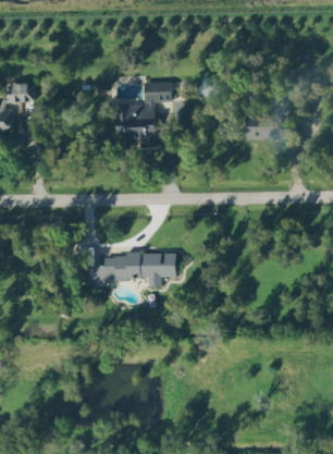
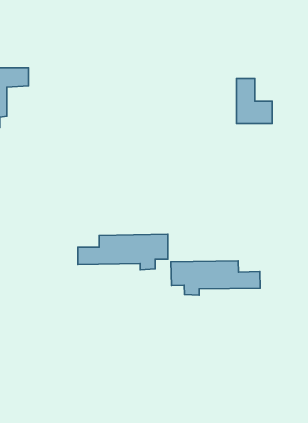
building: [118,82,173,140] -> none
building: none -> [171,261,260,295]

